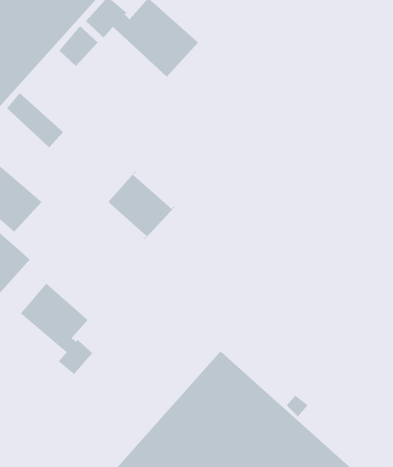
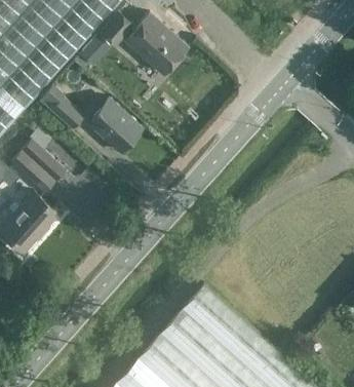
building: [104,171,175,240] -> [86,98,141,151]
building: [20,283,93,375] -> none

